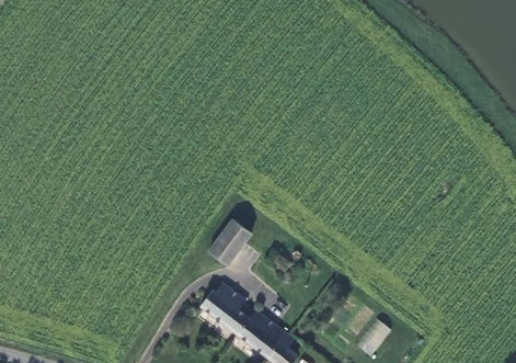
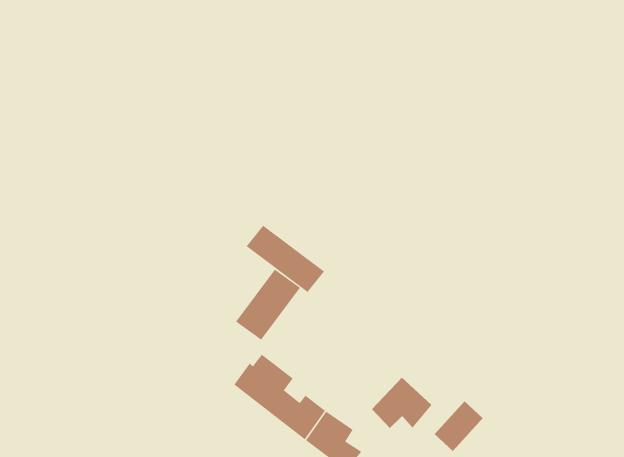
building: none -> [246,225,325,293]
building: none -> [371,377,432,429]

